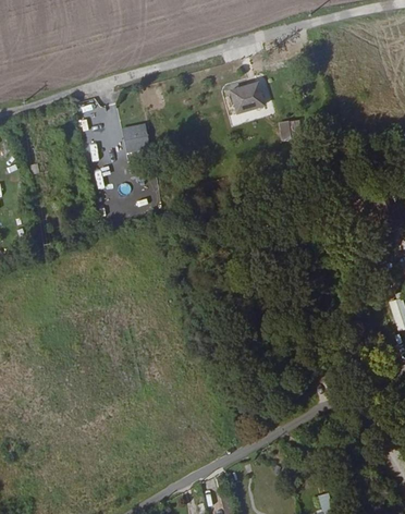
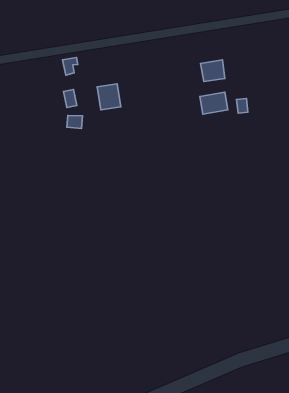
building: none -> [200,92,228,114]

